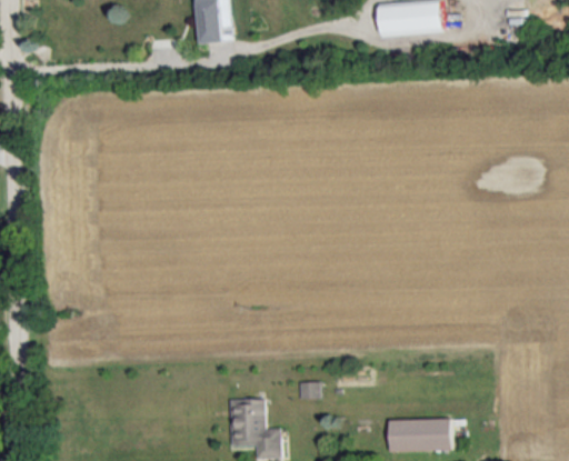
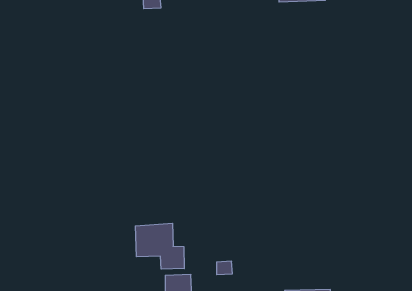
building: none -> [135,223,184,269]

